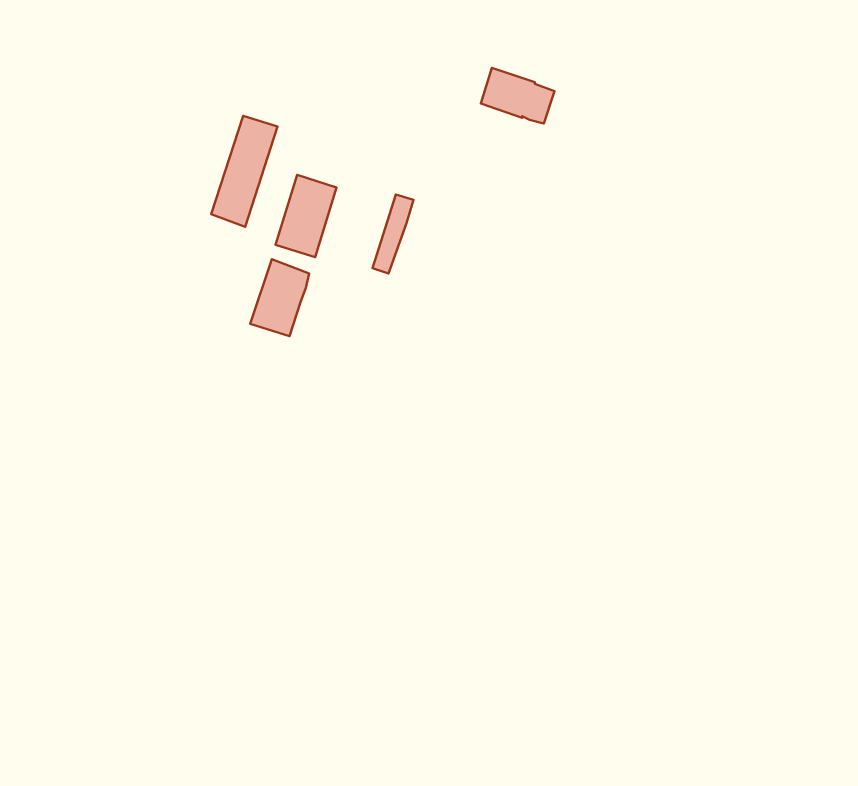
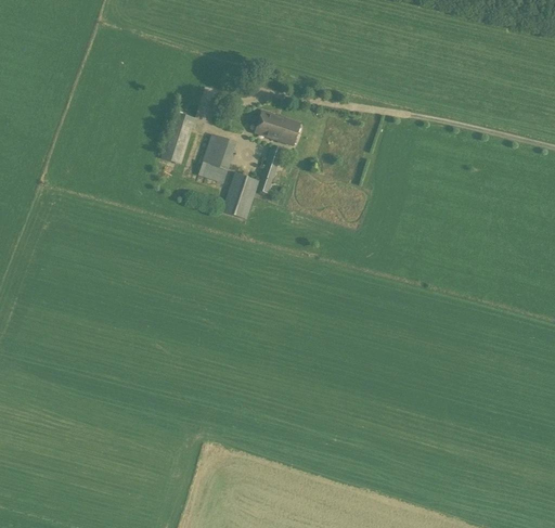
building: [481,68,554,123] -> [255,110,299,143]
building: [250,259,309,336] -> [221,171,257,218]

